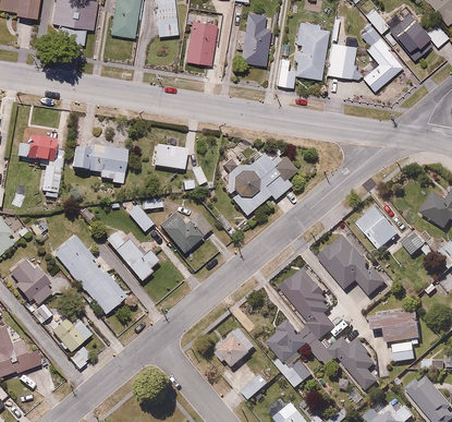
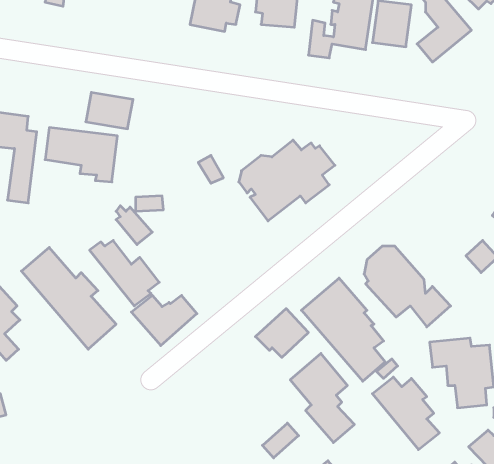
building: [150,142,187,170] -> [86,92,133,129]
building: [355,203,401,250] -> none
building: [161,214,212,253] -> [131,295,197,346]
building: [52,317,93,371] -> none
building: [213,329,255,367] -> [255,309,308,357]

